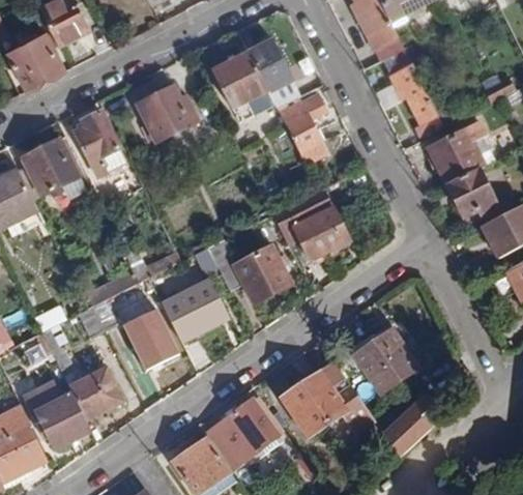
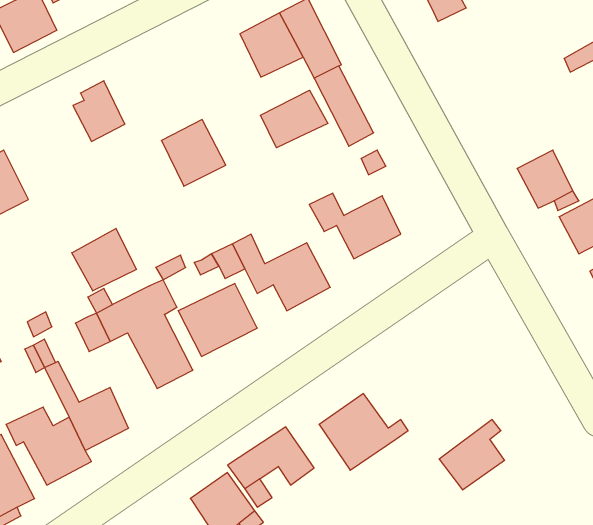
building: [393,65,444,139] -> none
building: [139,85,193,141] -> [161,120,226,186]
building: none -> [260,90,328,148]
building: [430,122,485,183] -> none
building: [24,138,79,195] -> none
building: none -> [72,228,136,291]
building: [354,329,417,395] -> none

